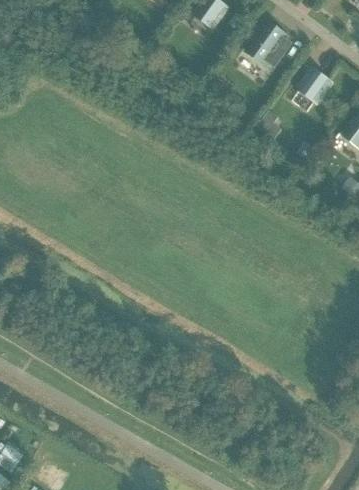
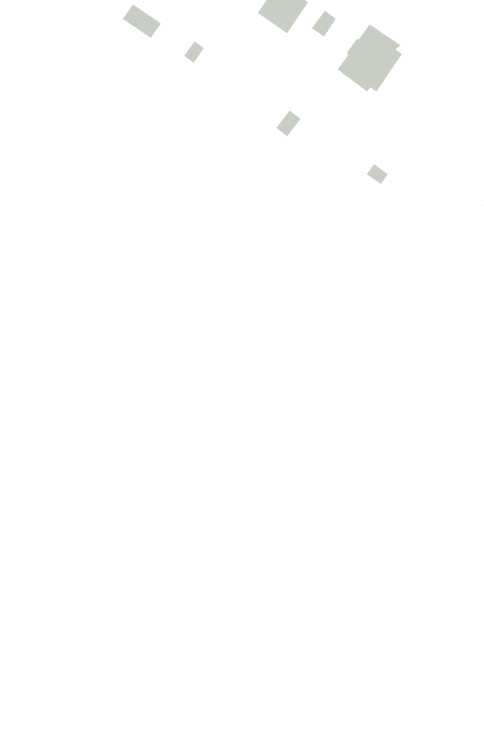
building: [298,68,333,103] -> none

